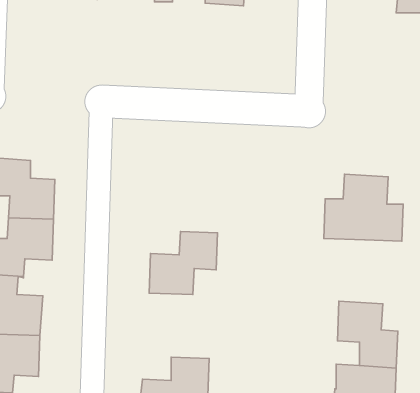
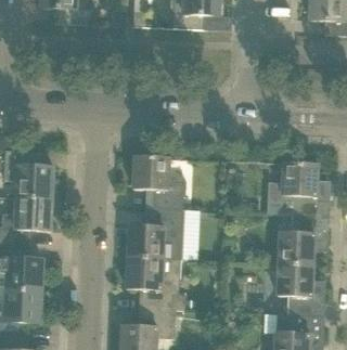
building: none -> [131,155,185,208]
building: none -> [278,213,327,264]
building: none -> [125,256,184,309]

